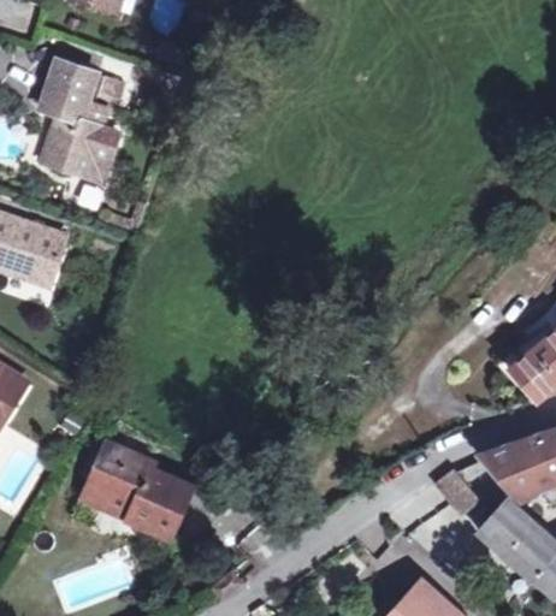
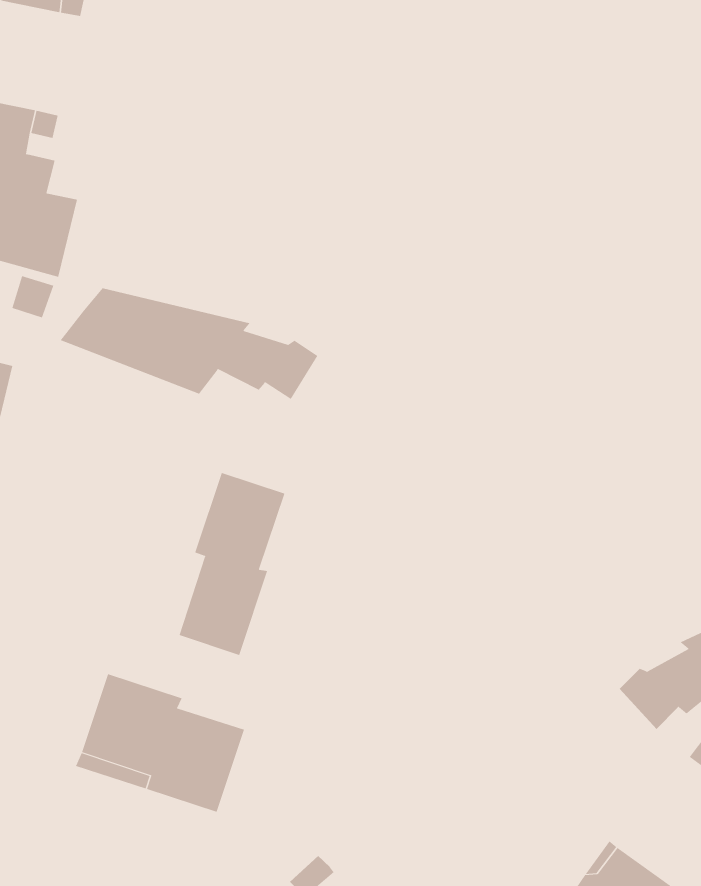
building: none -> [60,287,318,400]
building: none -> [179,472,285,656]

